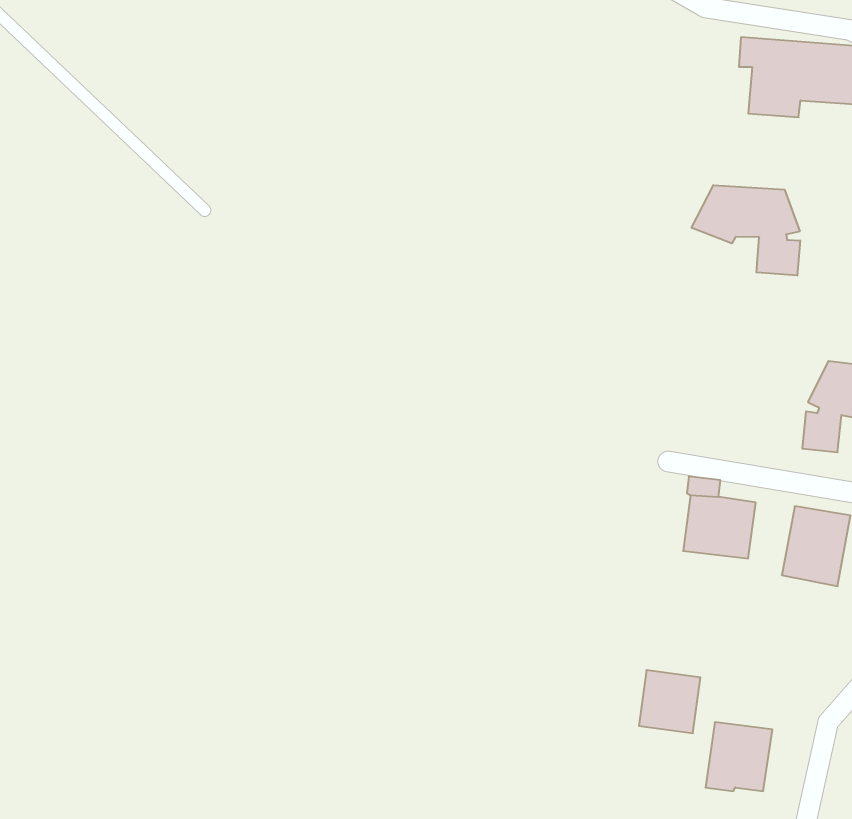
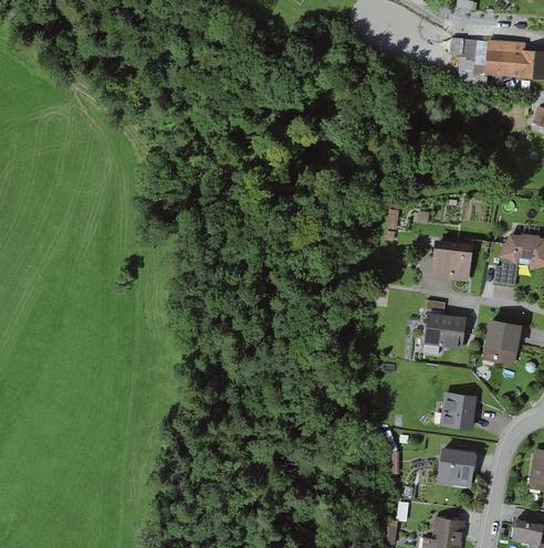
building: [692,185,800,276] -> none
building: none -> [429,239,473,282]
building: [639,670,700,733] -> [439,391,475,429]

